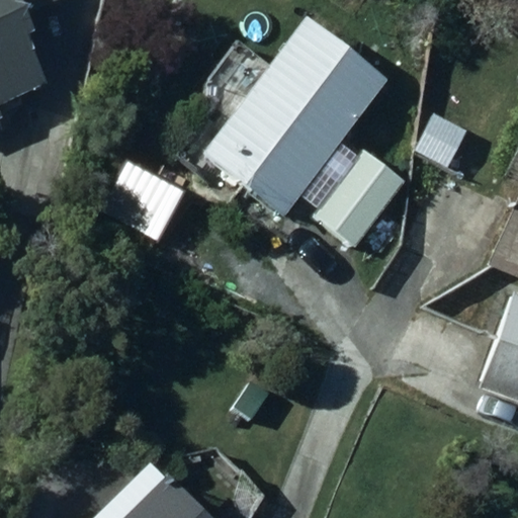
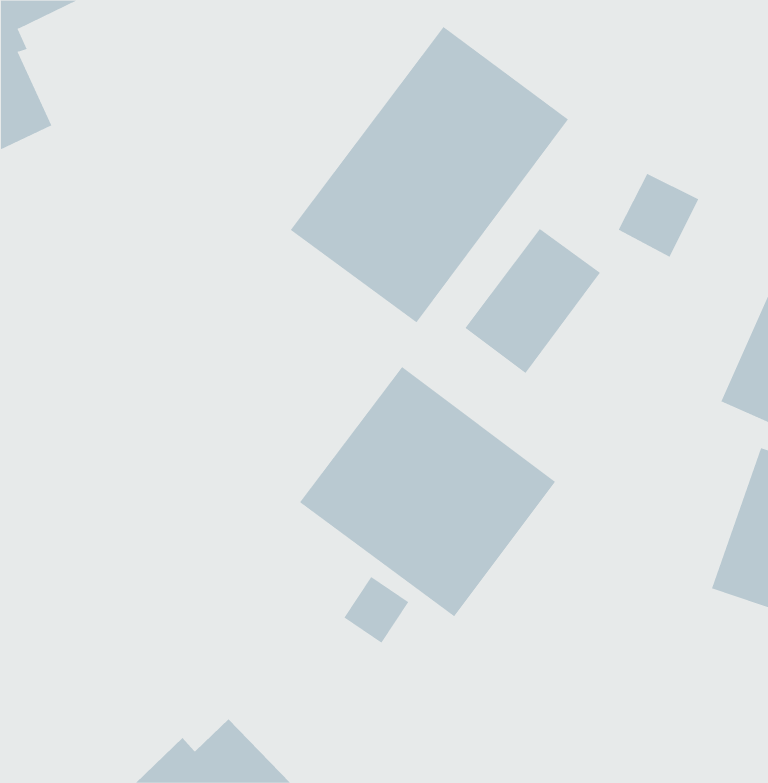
building: none -> [299,366,556,617]

